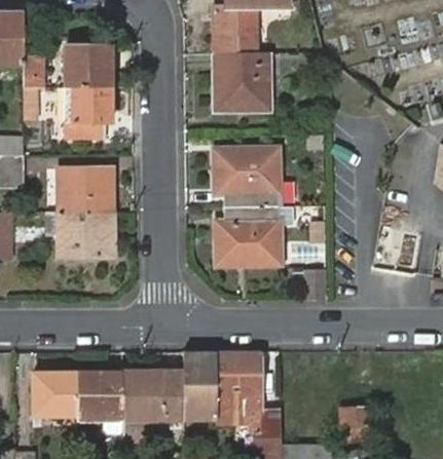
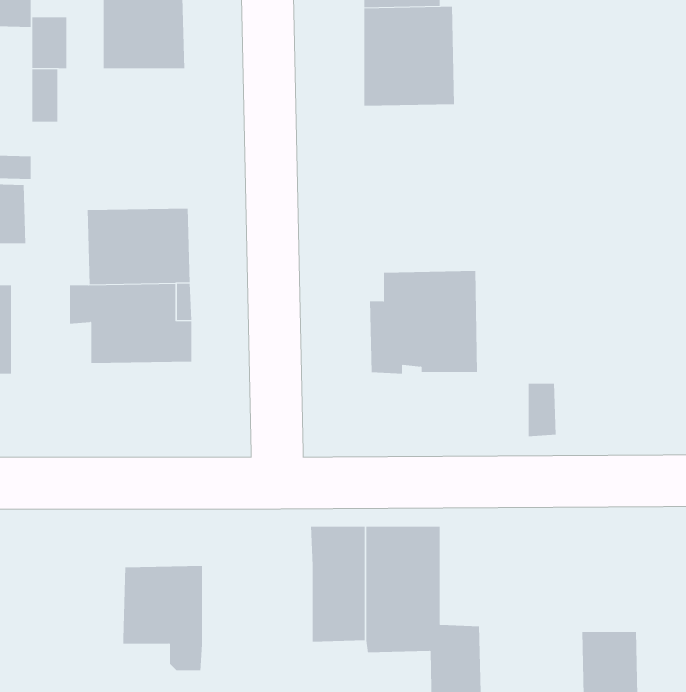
building: [65,87,112,139] -> none
building: [217,147,280,204] -> none
building: [34,373,77,415] -> none
building: [122,373,185,418] -> none

